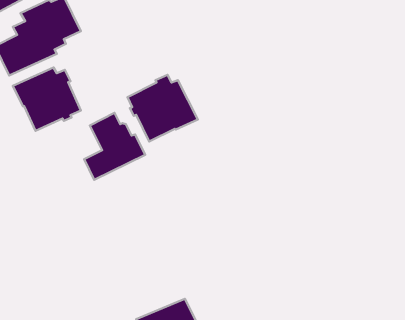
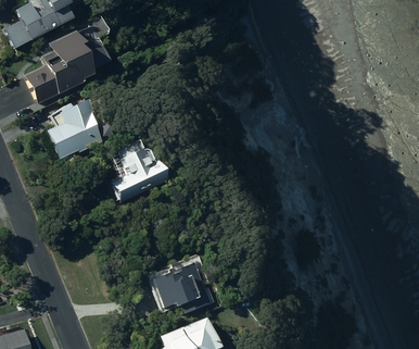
building: [127,75,198,141] -> none
building: none -> [152,263,214,313]

